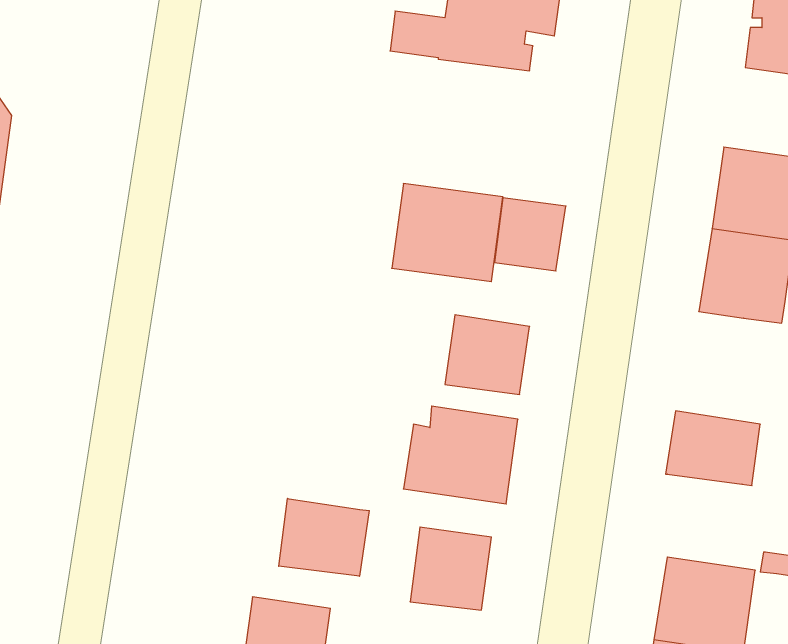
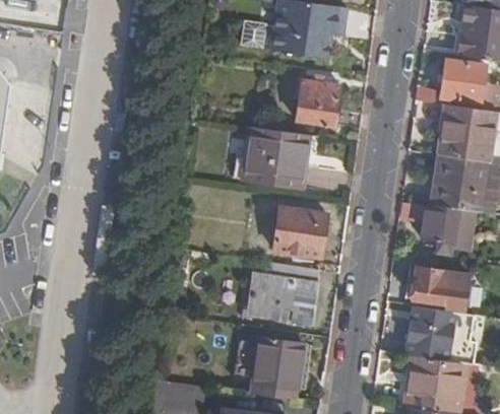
building: none -> [417,62,481,110]
building: [495,198,566,271] -> [298,82,341,127]
building: none -> [420,205,458,256]
building: none -> [405,305,457,351]
building: [279,498,369,576] -> none

